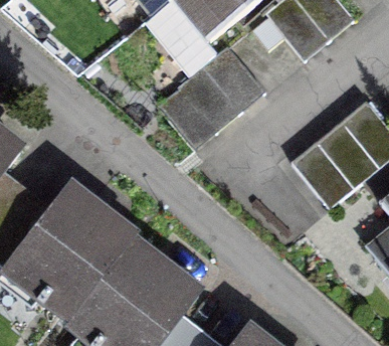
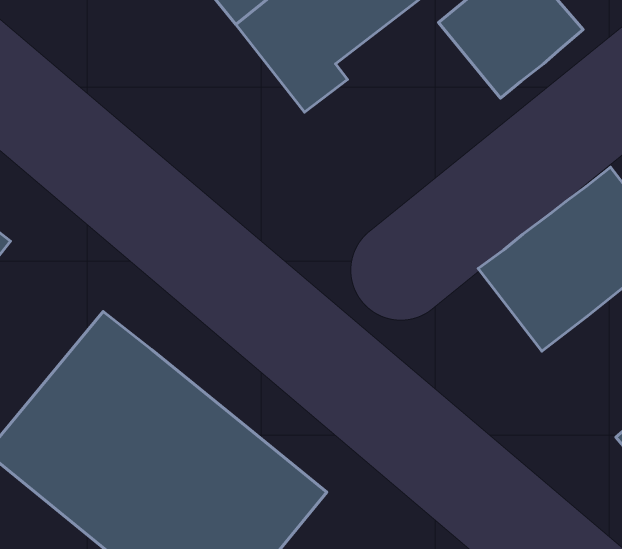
building: [178,46,265,132] -> none

